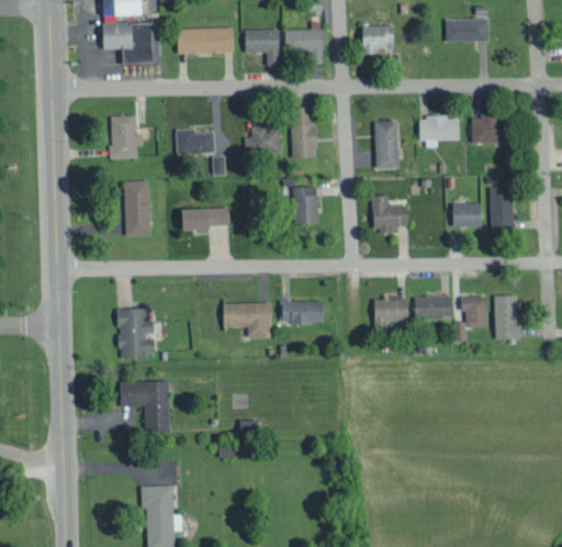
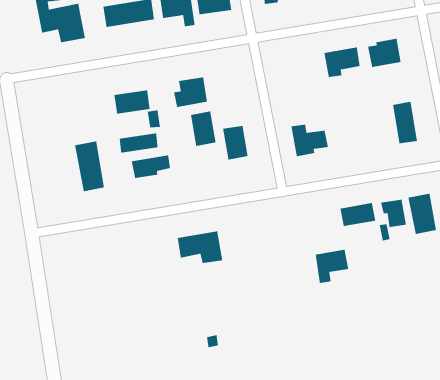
building: [110,115,143,158] -> none
building: [291,120,316,158] -> [190,111,216,147]
building: [374,121,398,168] -> none
building: none -> [119,133,159,153]
building: [452,202,483,226] -> none
building: [373,298,409,333] -> [315,249,349,284]
building: [279,300,325,324] -> none
building: [117,308,156,357] -> none
building: [119,380,170,432] -> none

